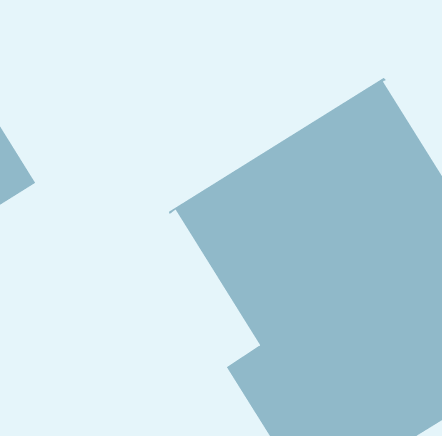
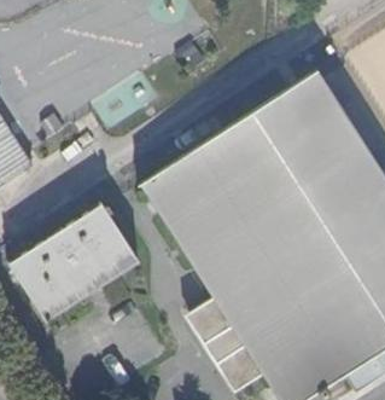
building: none -> [8,201,139,319]

